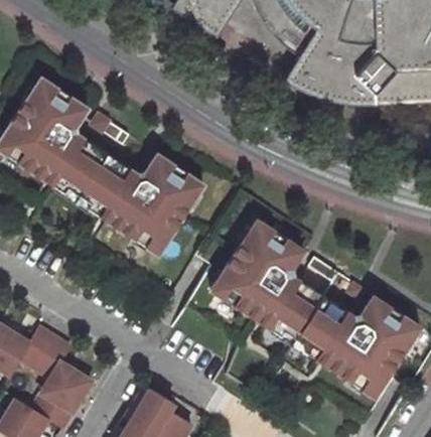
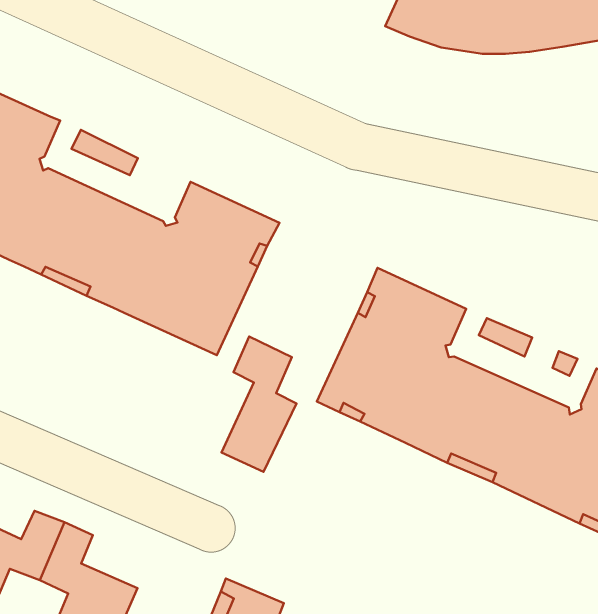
building: none -> [221,336,296,472]

